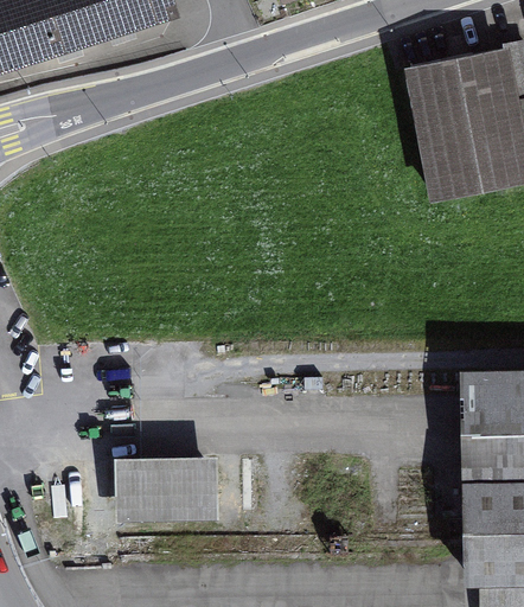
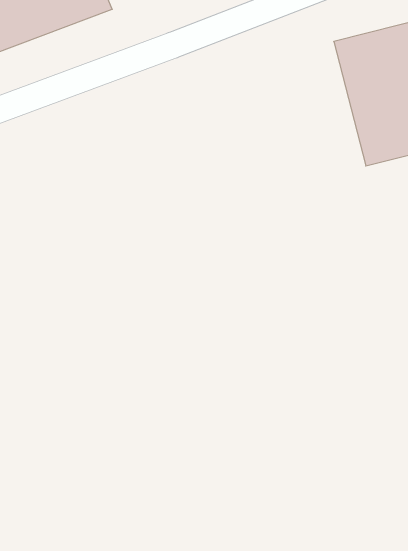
building: [120,461,219,523] -> none

